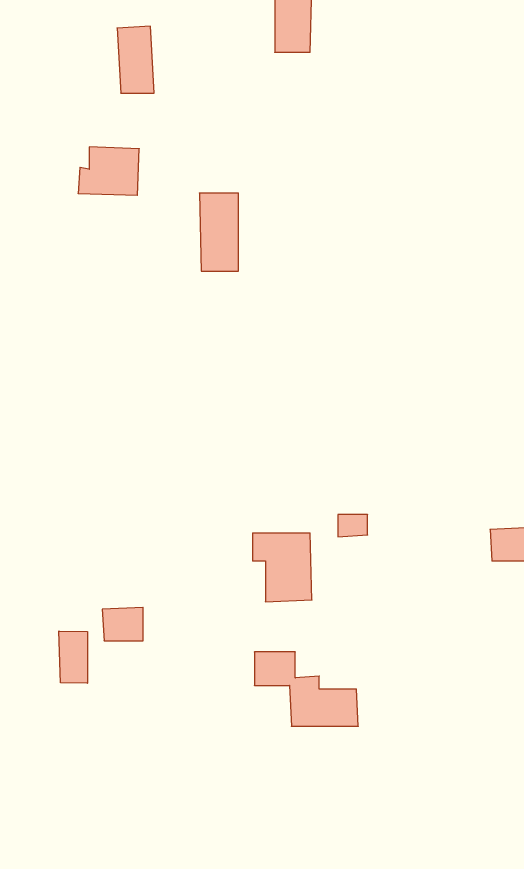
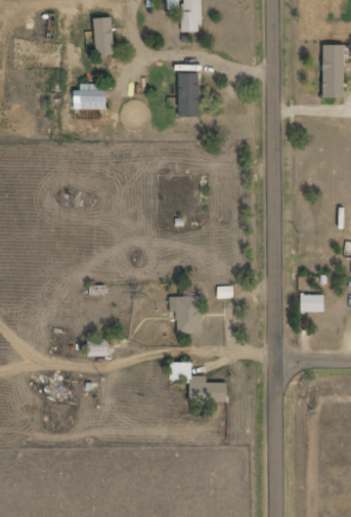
building: [199,193,238,271] -> [177,73,199,116]
building: [59,631,87,683] -> none

